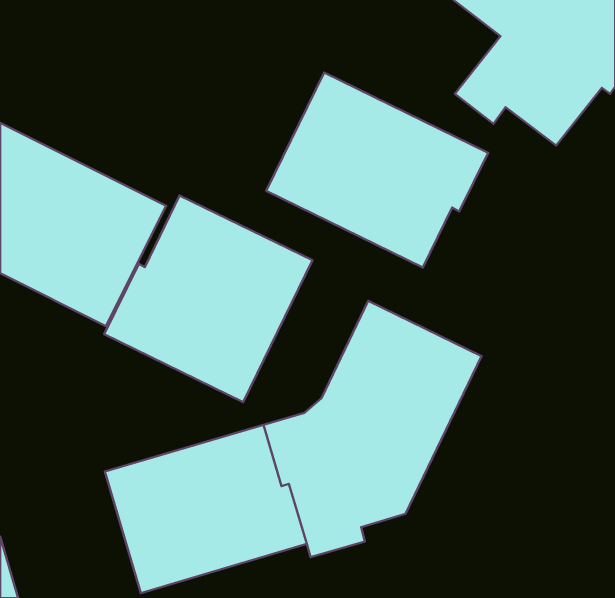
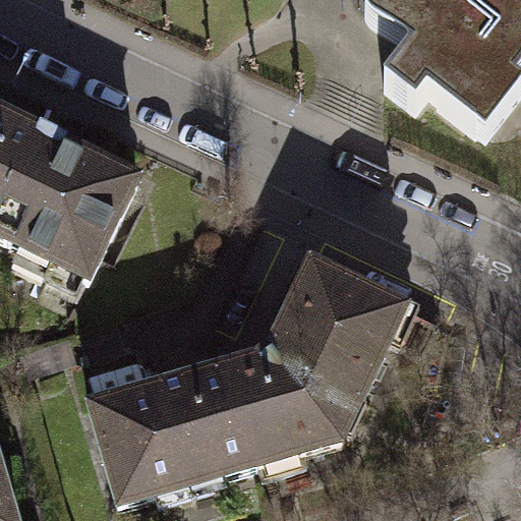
building: [266,73,488,267] -> none
building: [104,196,313,402] -> none

